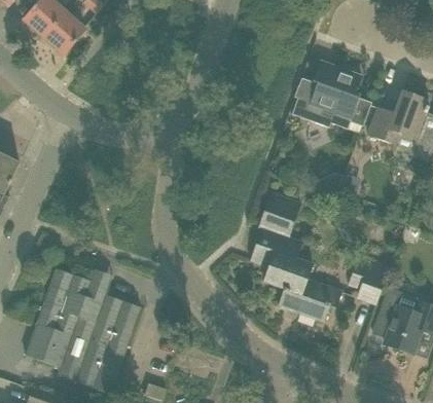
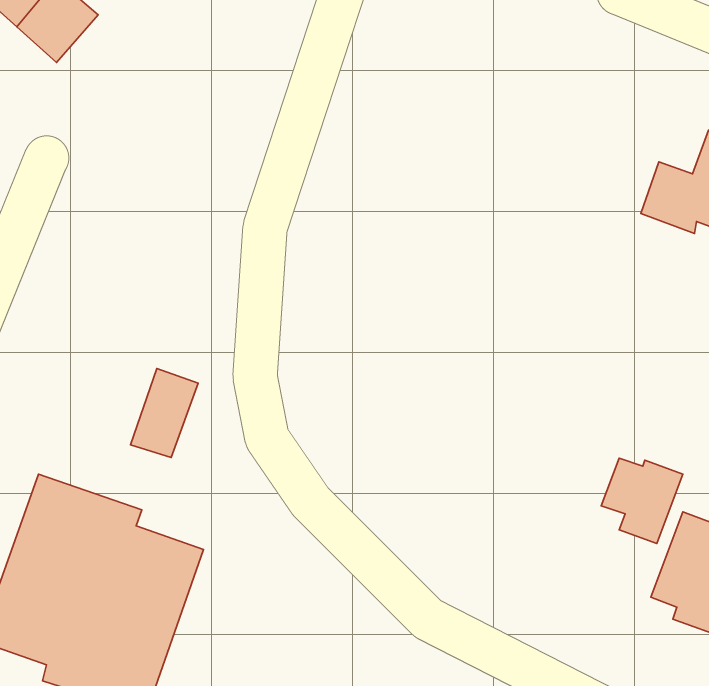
building: [291,61,361,129] -> none
building: [249,193,340,322] -> none
building: none -> [130,369,198,457]

